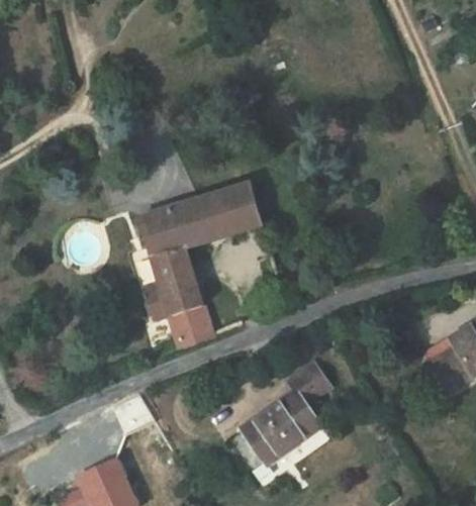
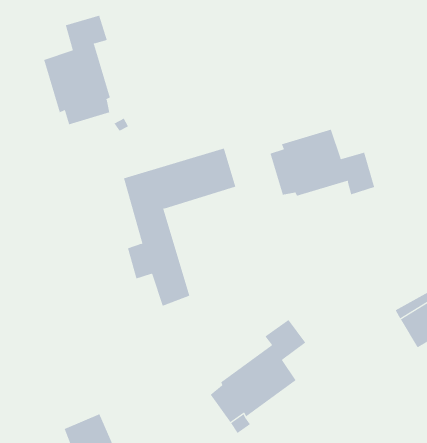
building: none -> [43,15,110,125]
building: none -> [270,129,375,196]

